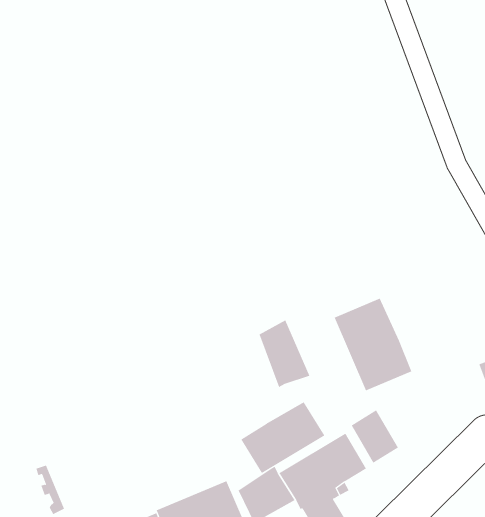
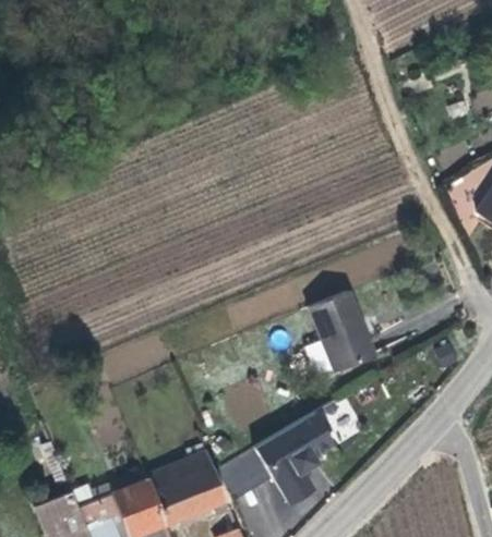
building: [259,319,310,388] -> none
building: [241,401,325,474] -> none

